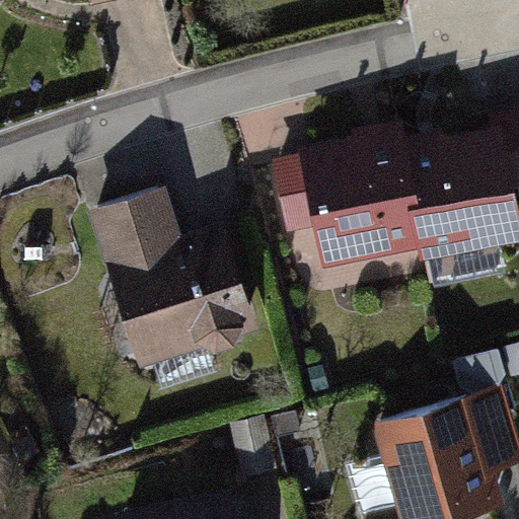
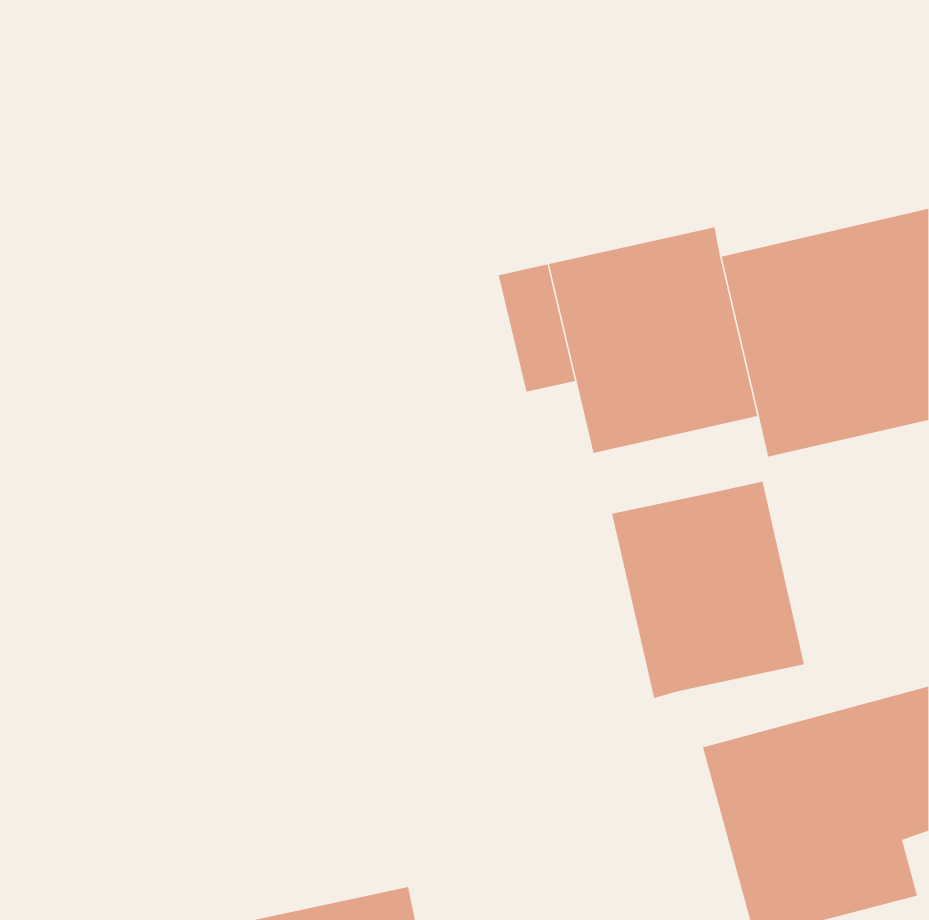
building: [98,194,255,363] -> none
building: none -> [611,481,804,699]

